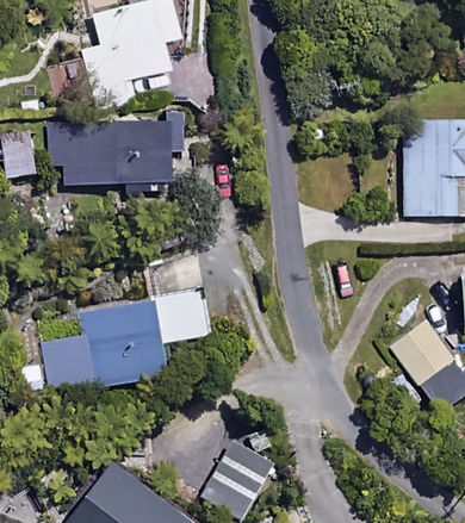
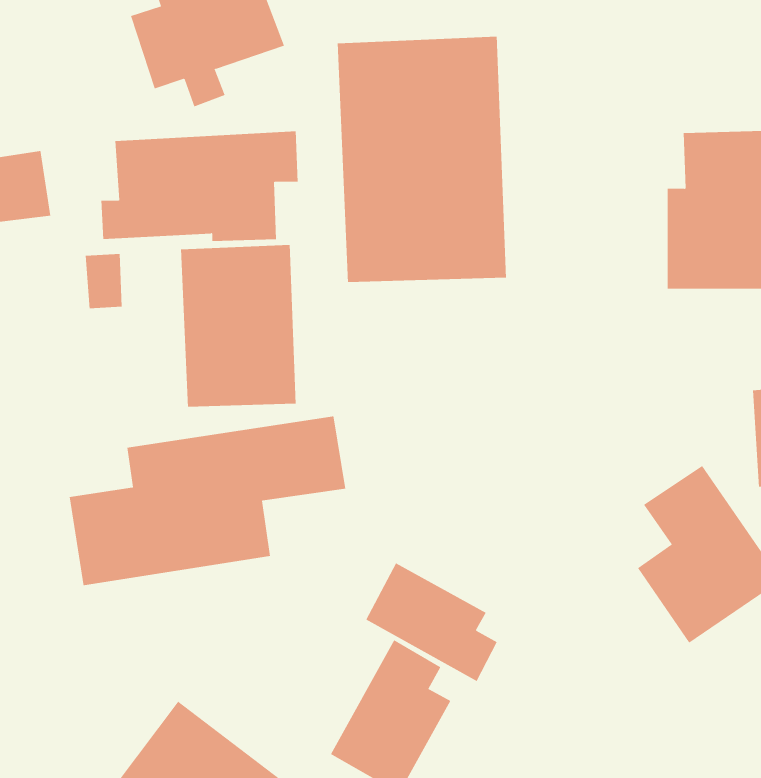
building: none -> [337,36,507,283]
building: none -> [180,244,296,408]
building: none -> [365,562,498,682]

